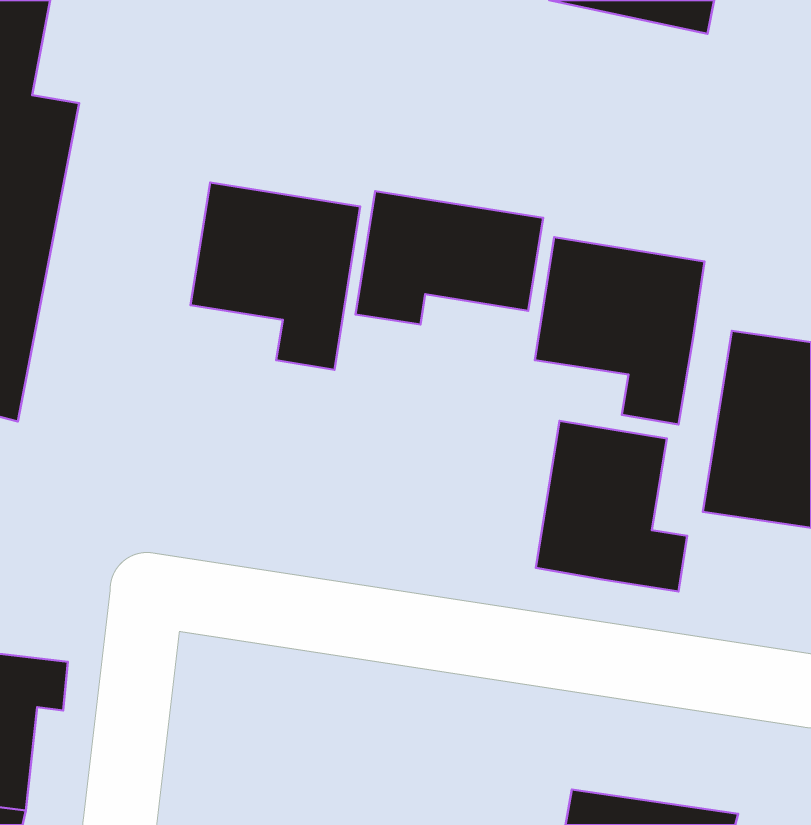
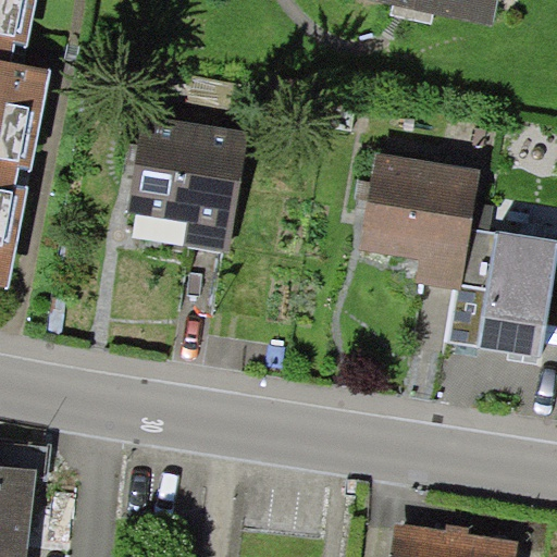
building: [355,191,543,325] -> none
building: [536,421,687,591] -> none

